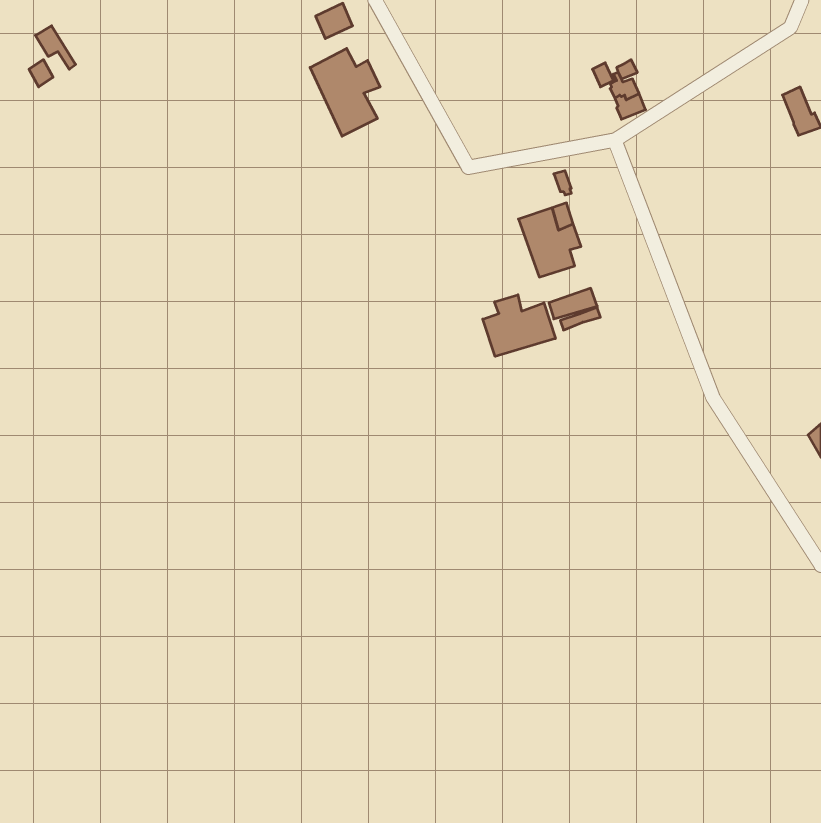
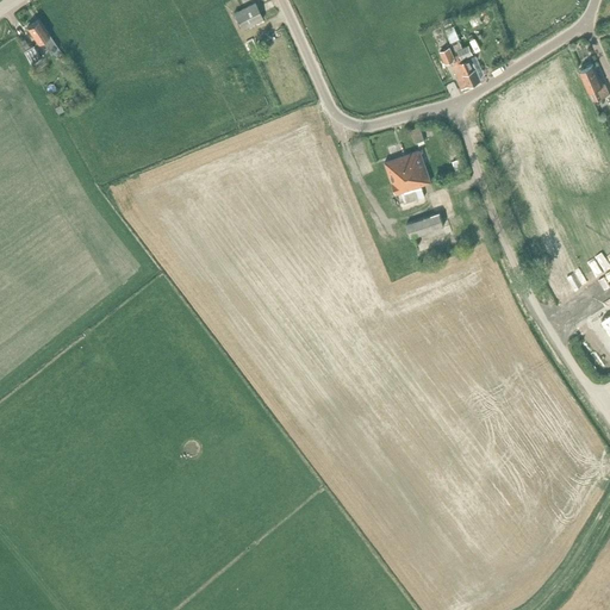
building: [310,48,380,136] -> none
building: [483,295,555,356] -> none

